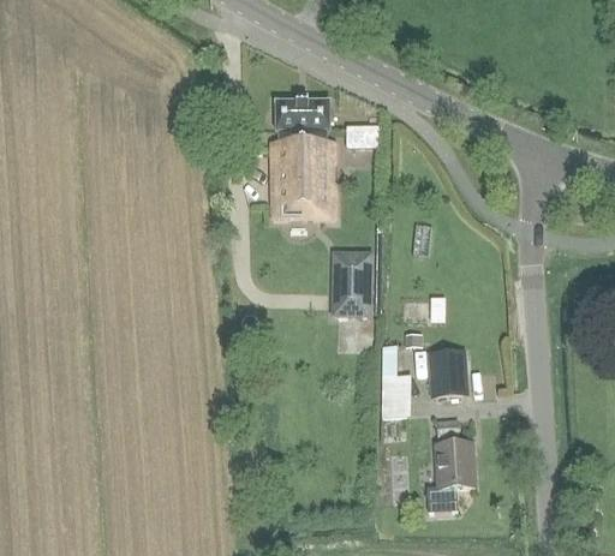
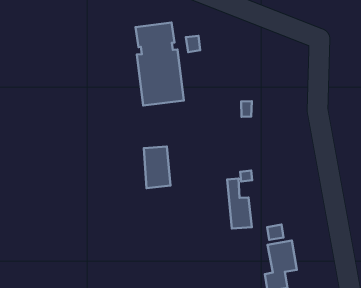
building: [333,251,370,311] -> [144,146,170,188]
building: [429,349,467,396] -> none

